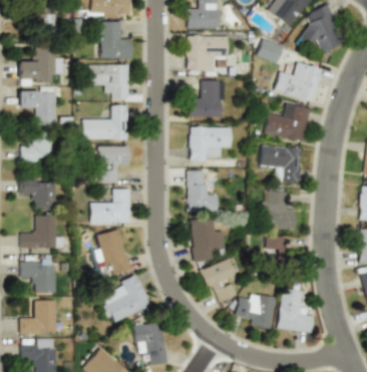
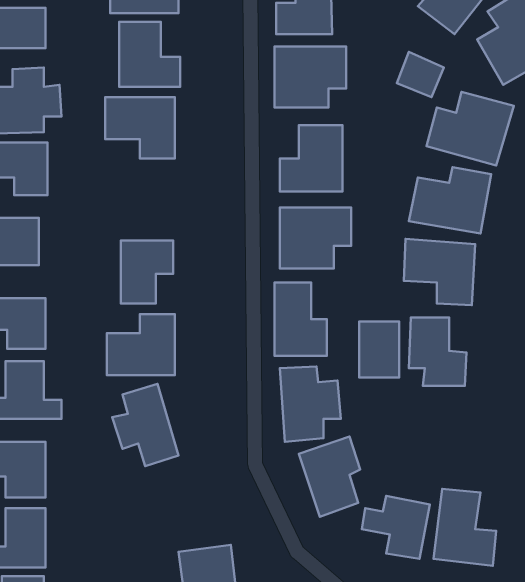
building: [82,105,128,141] -> none
building: [266,237,289,269] -> [359,322,399,377]
building: [98,274,150,324] -> none

